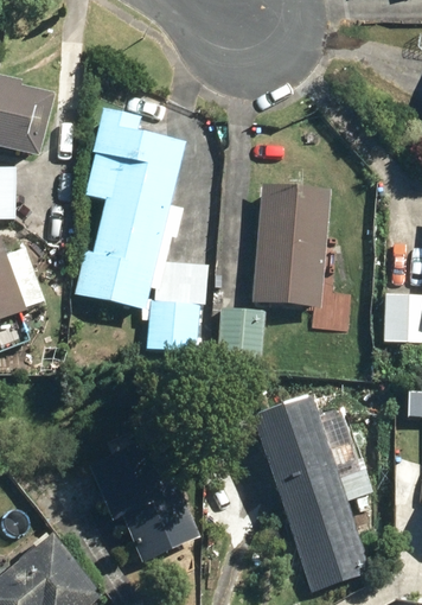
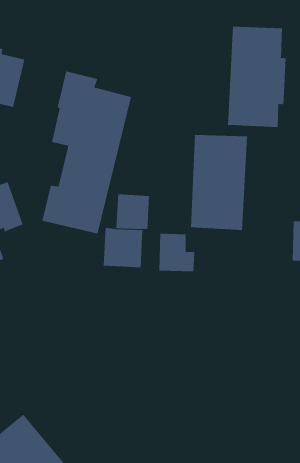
building: none -> [228,26,286,128]
building: [250,393,371,586] -> none
building: [88,432,203,562] -> none

